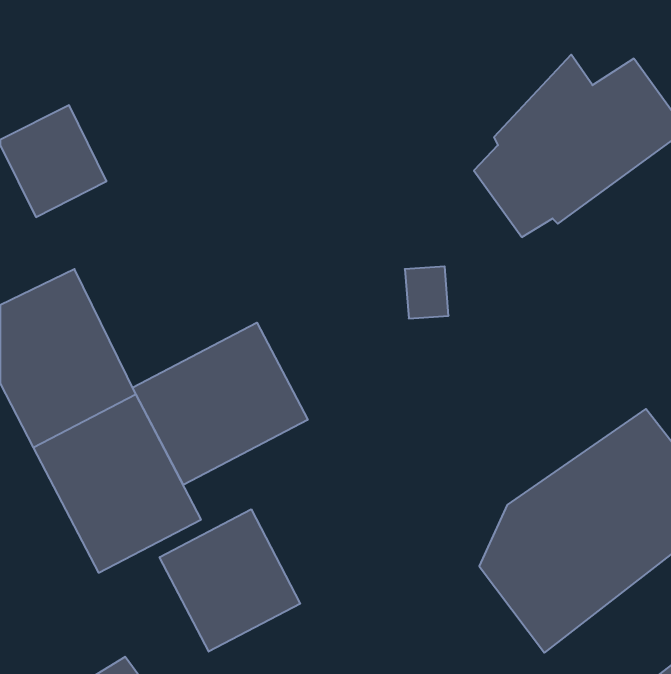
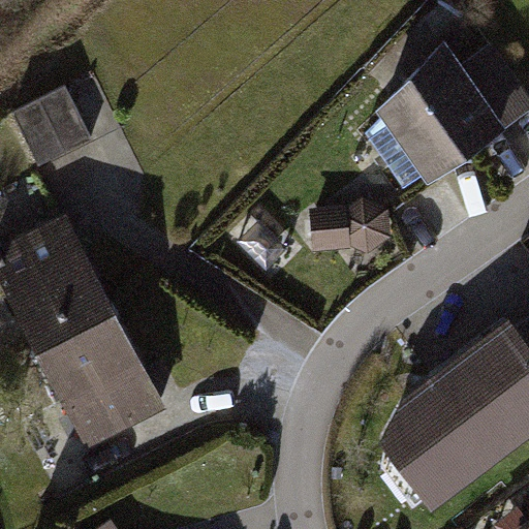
building: [132,323,308,485] -> none
building: [160,509,300,652] -> none

